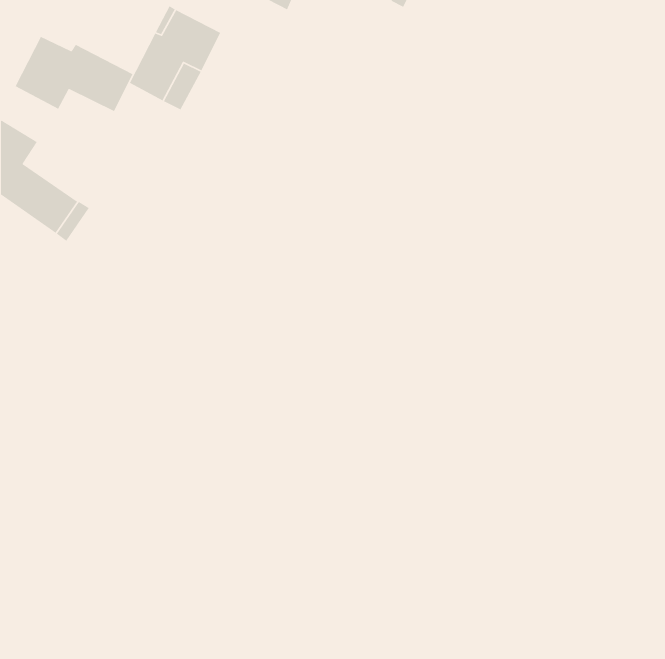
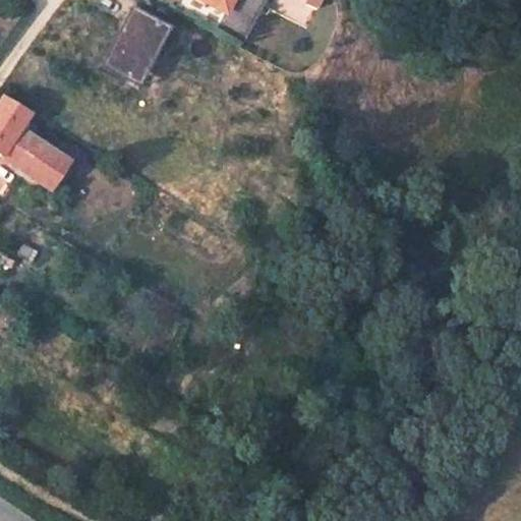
building: [14,36,133,112] -> none

